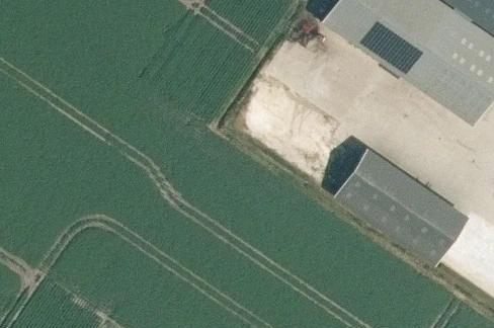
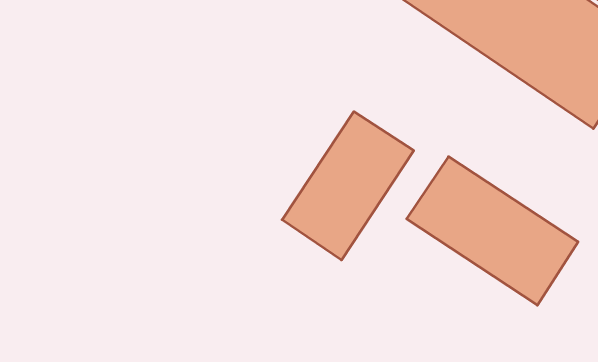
building: none -> [282,112,414,260]

